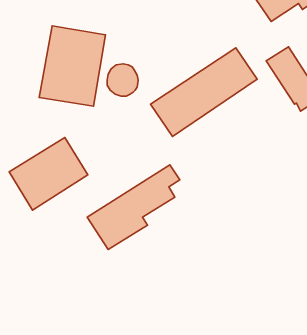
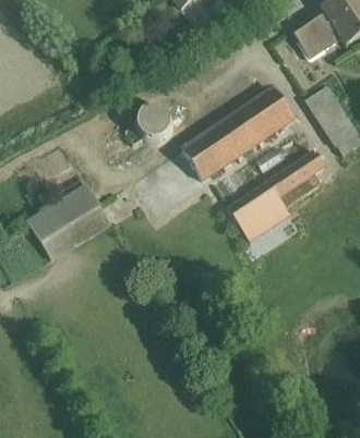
building: [39,26,105,106] -> none
building: [87,165,180,249] -> [226,149,326,241]

